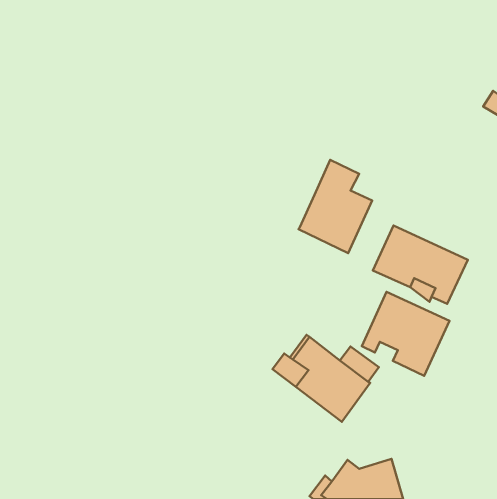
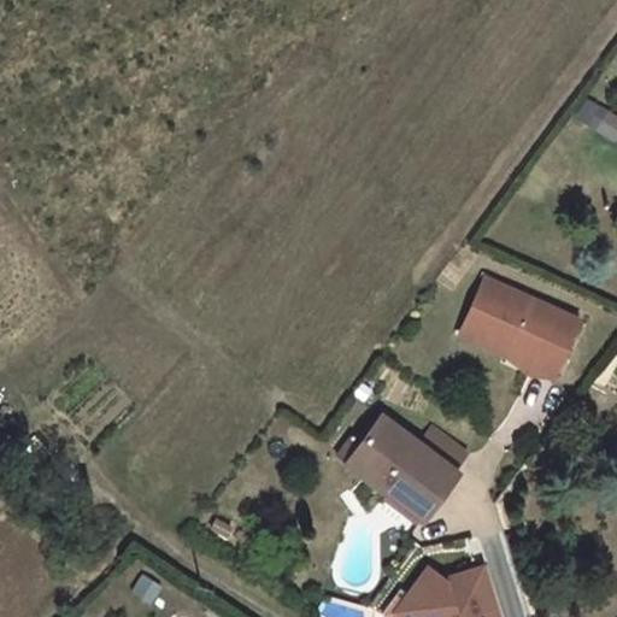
building: [298,160,372,253] -> none
building: [362,292,450,376] -> none

